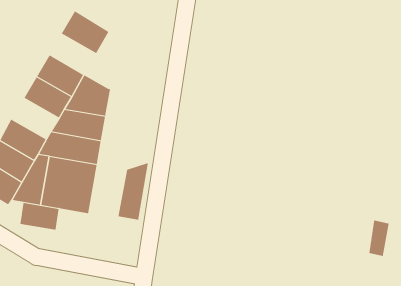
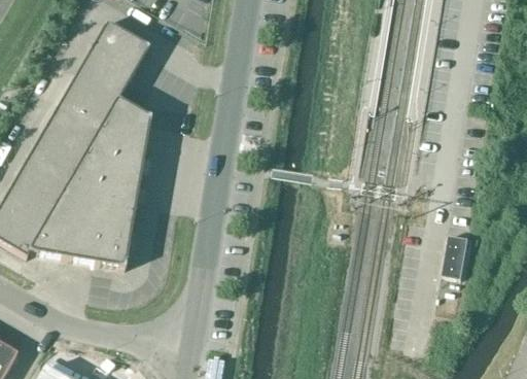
building: none -> [75,46,133,97]
building: none -> [29,125,87,175]
building: [118,162,149,221] -> none
building: [20,202,59,231] -> none
building: [368,220,390,256] -> [443,232,468,276]

